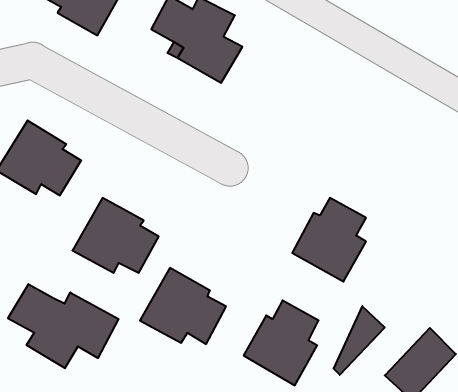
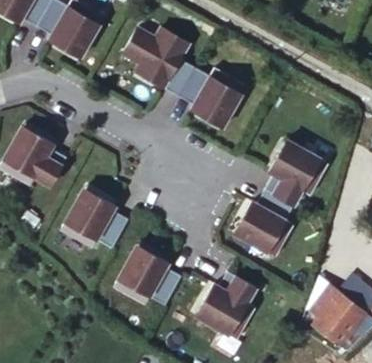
building: none -> [181,65,249,125]
building: none -> [268,136,331,202]
building: [8,284,119,368] -> none
building: [334,306,385,375] -> [307,273,348,328]

